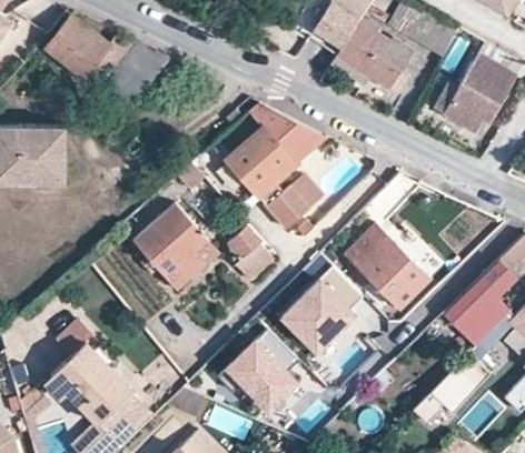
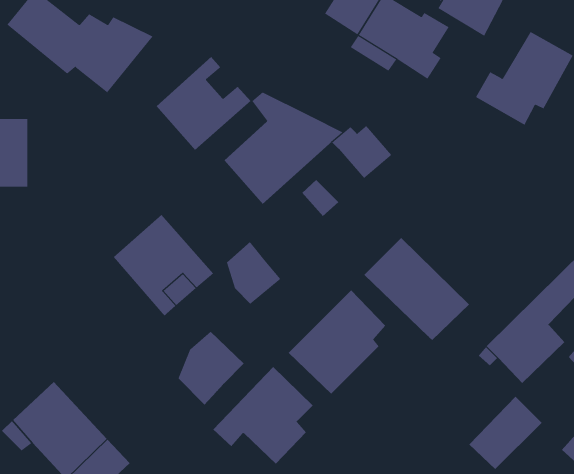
building: none -> [156,56,252,151]
building: [258,183,308,228] -> [332,125,392,179]
building: none -> [178,331,245,406]

